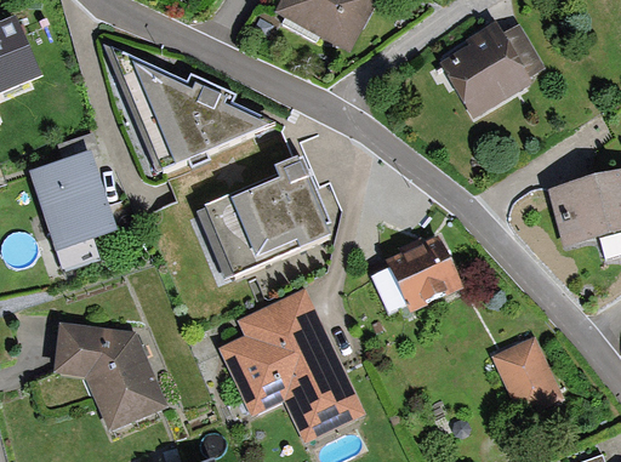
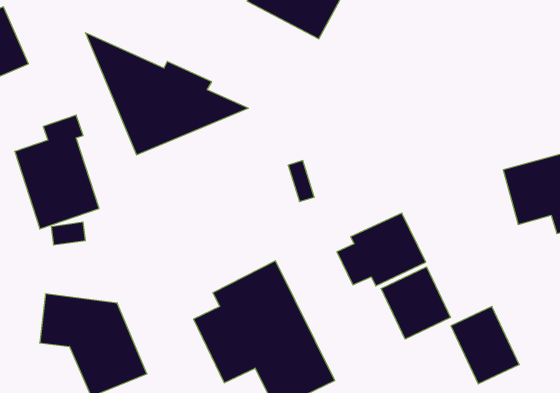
building: [440,19,547,118] -> none
building: [204,160,331,280] -> none
building: none -> [381,267,450,339]

